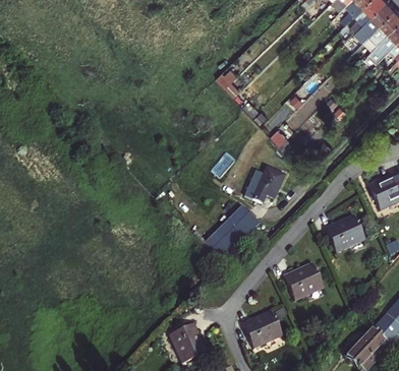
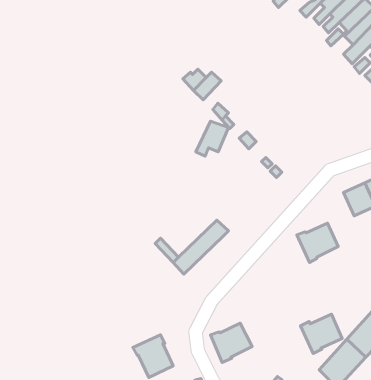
building: [252,168,284,201] -> [196,121,229,156]
building: [283,262,323,300] -> [301,314,342,354]

